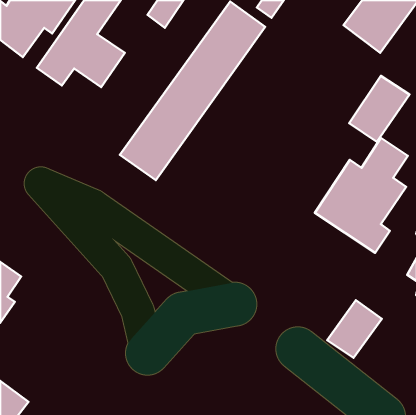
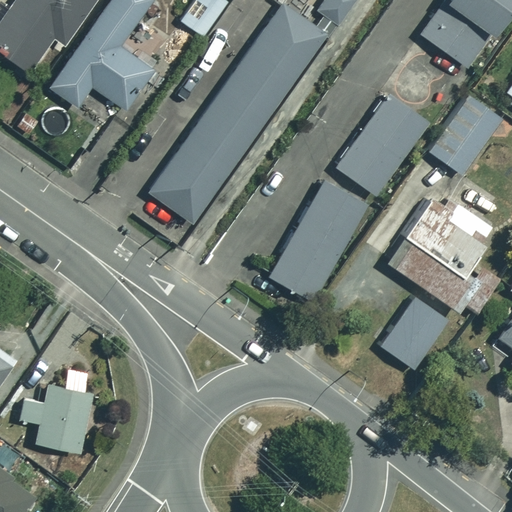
building: none -> [336,94,428,195]
building: none -> [269,179,368,302]
building: none -> [21,369,93,452]
building: [327,300,382,358] -> [380,297,447,368]

